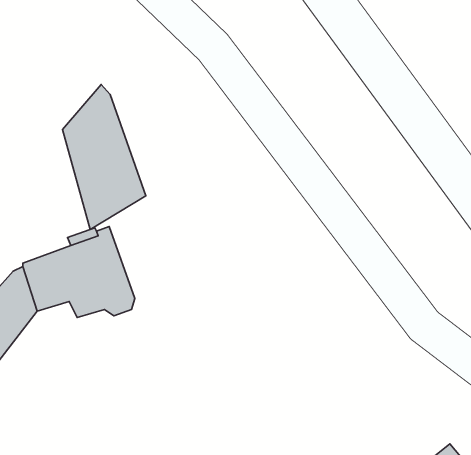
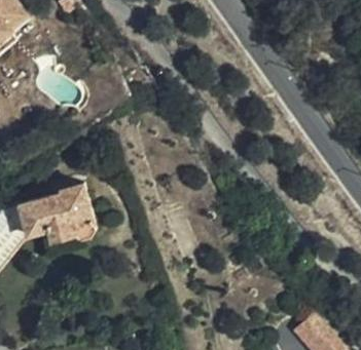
building: [63,85,146,230] -> none

